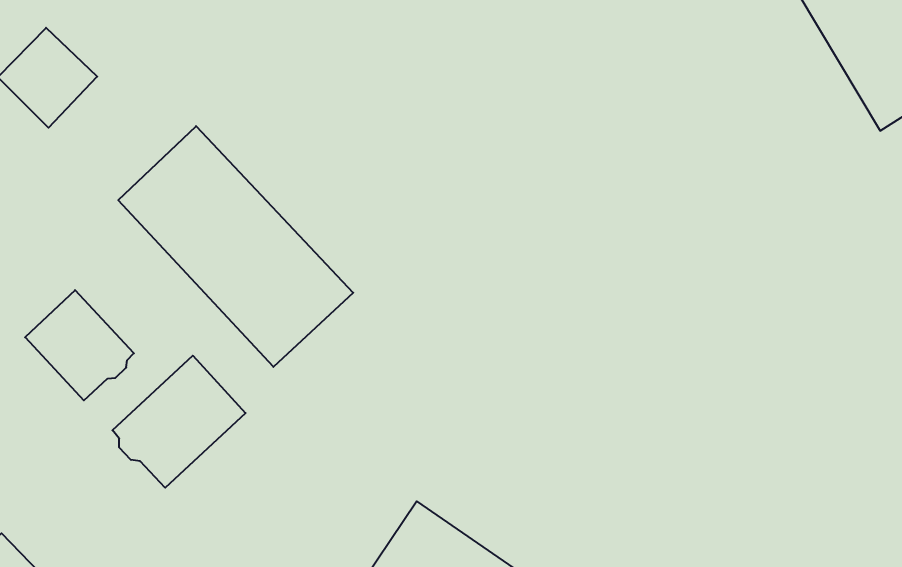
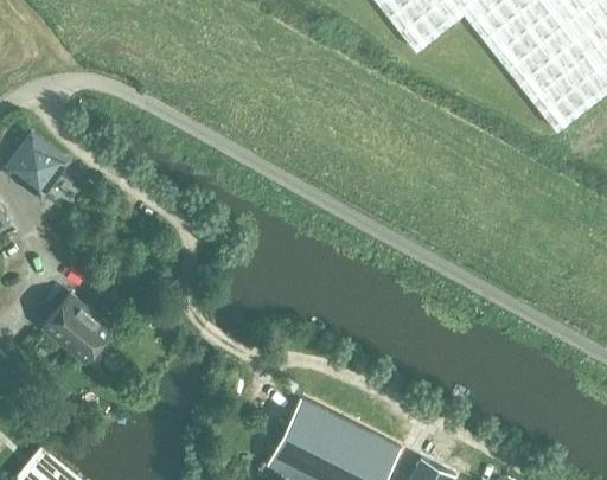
building: [118,126,353,367] -> none
building: [112,356,246,488] -> none

